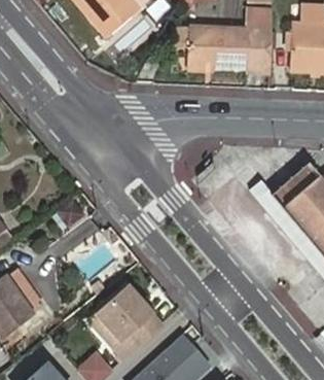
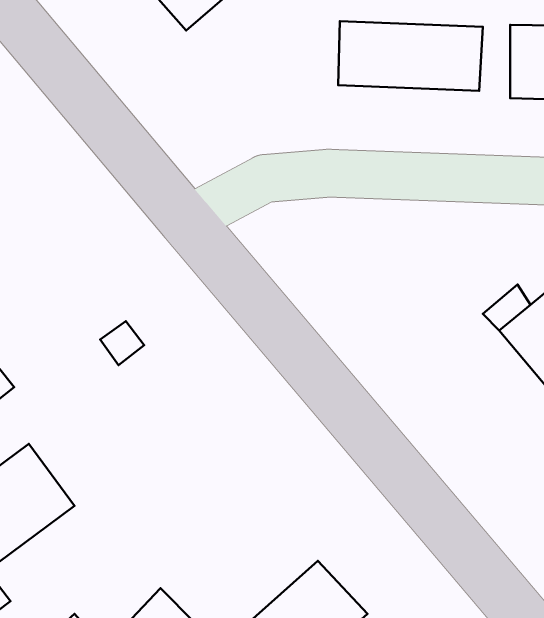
building: [88,284,159,346] -> none

